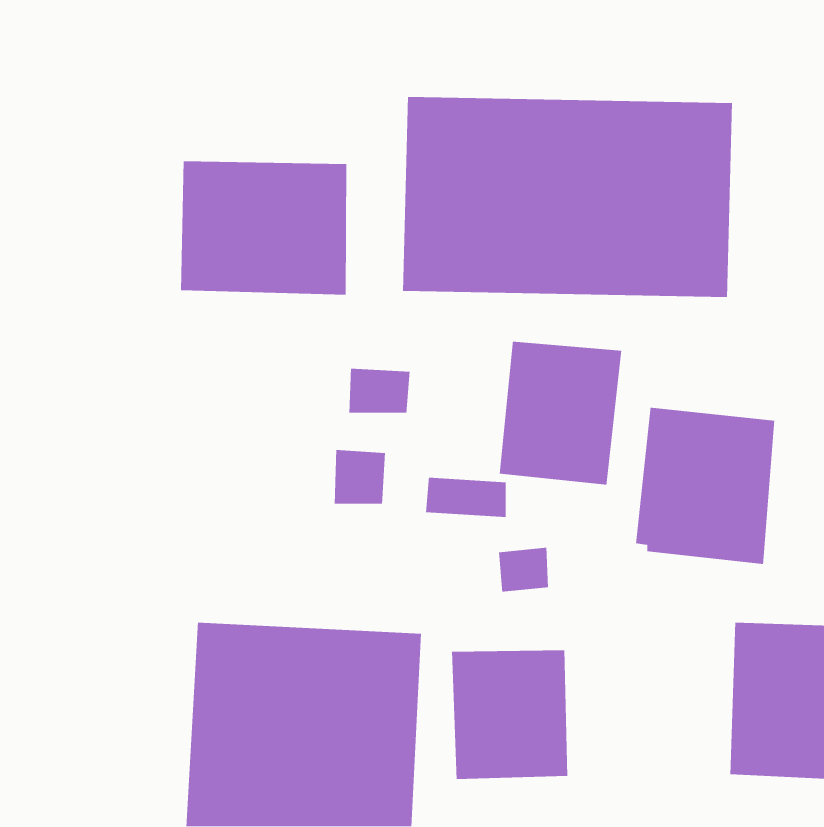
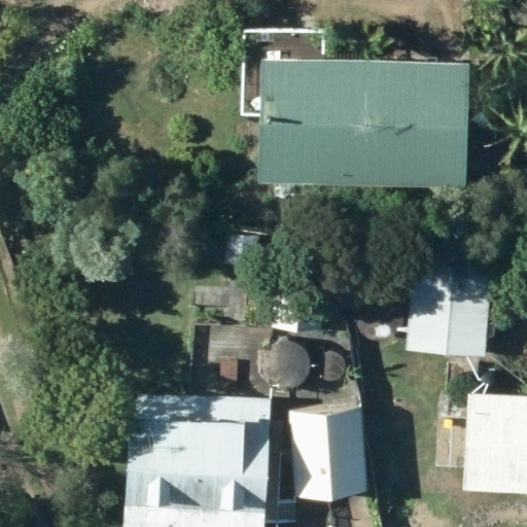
building: [180,161,347,296] -> none
building: [499,341,622,485] -> none

